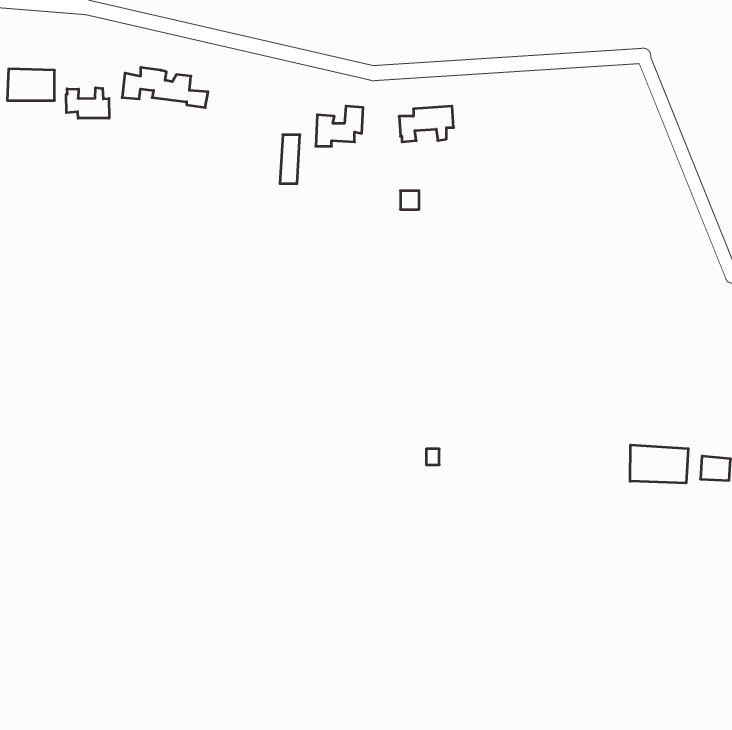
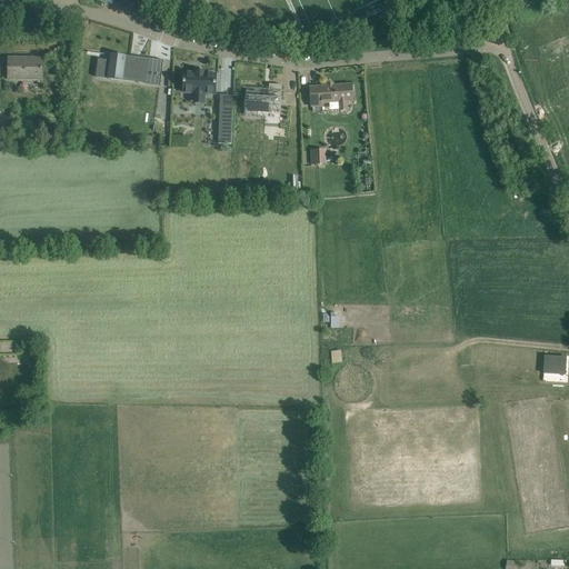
building: [66,88,109,118] -> none
building: none -> [182,69,216,94]
building: [630,445,688,483] -> none

